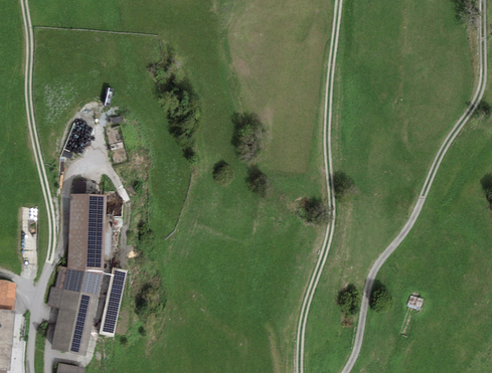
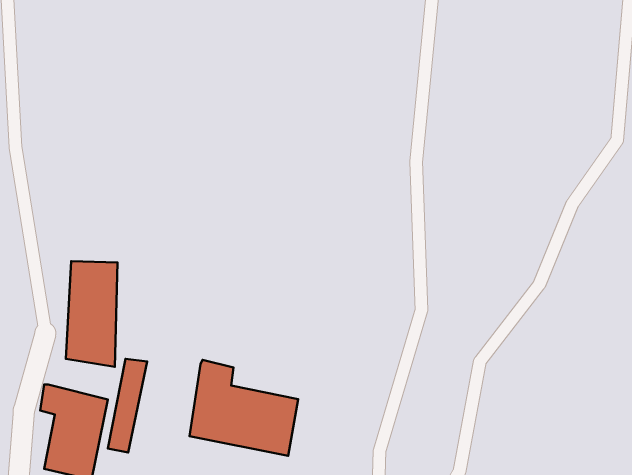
building: [54,266,104,298] -> none
building: none -> [190,360,298,456]

